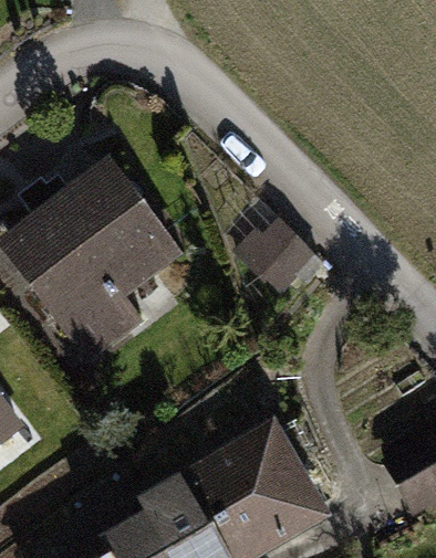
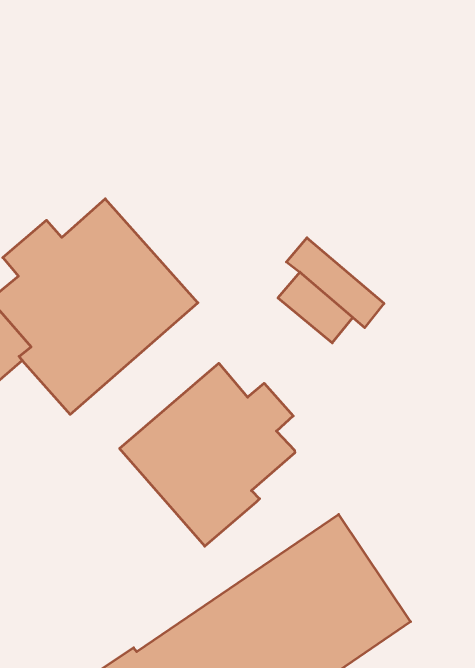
building: none -> [120,363,295,546]

